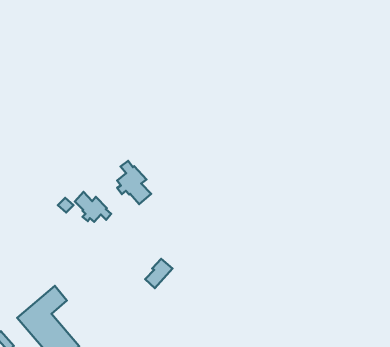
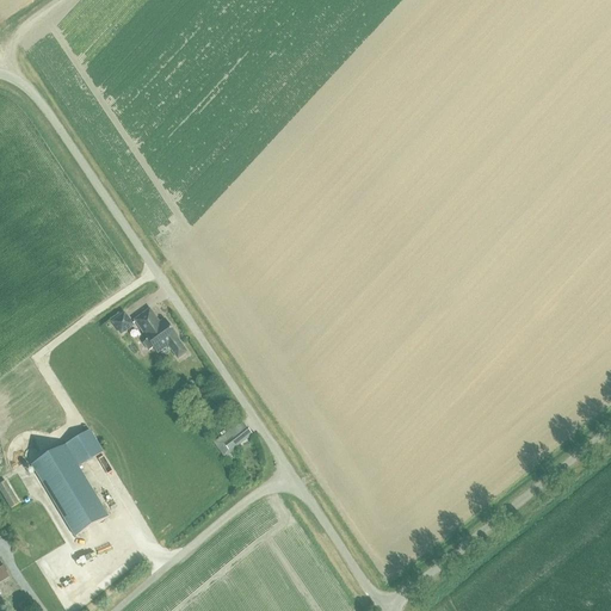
building: [117,161,151,204] -> none

